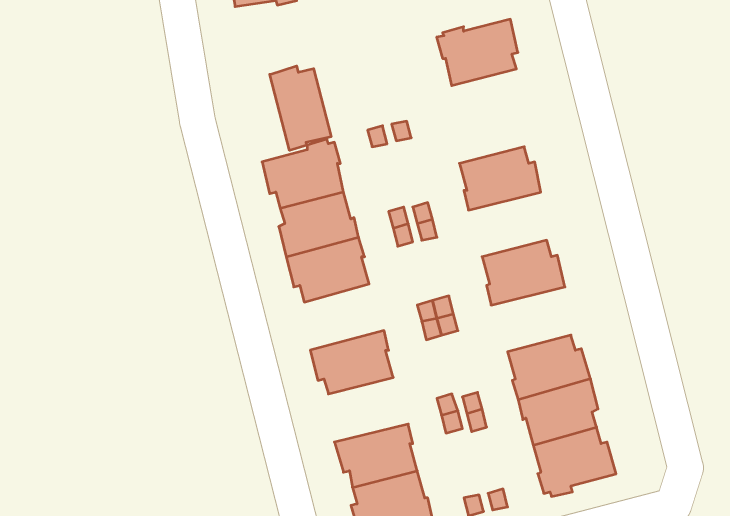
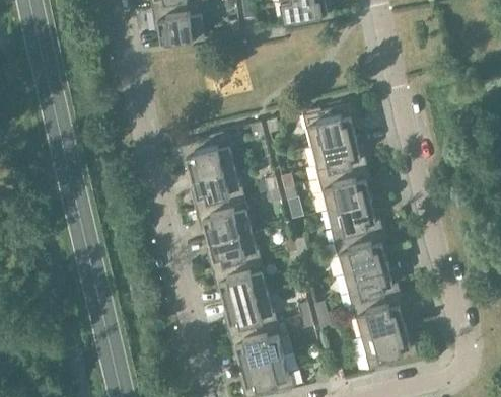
building: [437,19,518,86] -> [302,102,357,147]
building: [270,66,331,150] -> none
building: none -> [318,166,372,210]
building: none -> [207,228,262,272]
building: none -> [334,230,388,273]
building: none -> [223,291,278,334]

